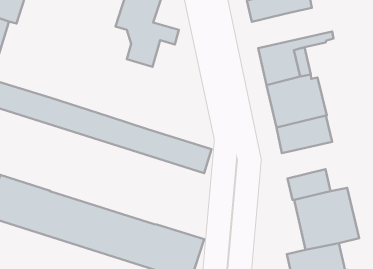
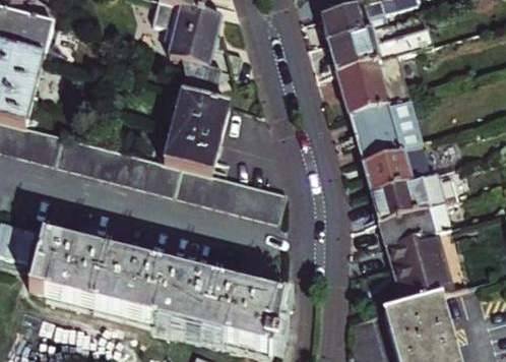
building: none -> [325,25,429,70]
building: none -> [165,92,228,172]
building: none -> [369,173,448,221]

